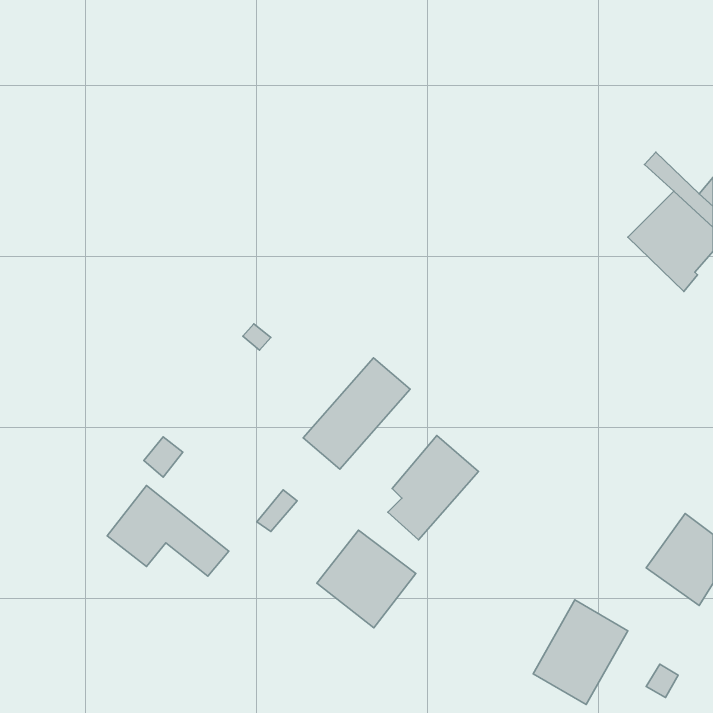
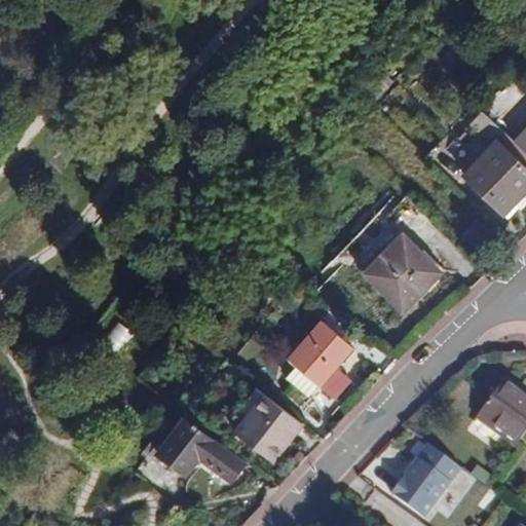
building: none -> [365,234,440,310]
building: [303,358,410,469] -> none
building: [107,486,229,576] -> [156,416,246,483]

